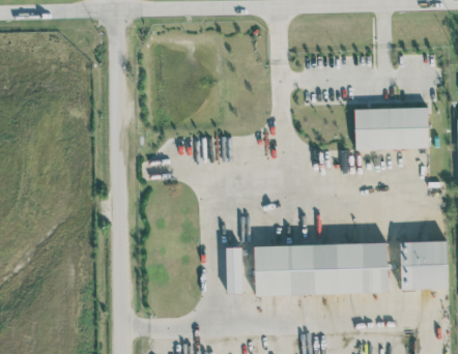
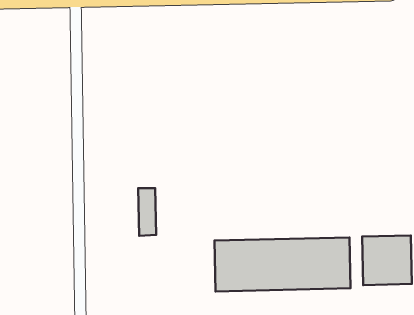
building: [354,108,429,150] -> none
building: [226,247,244,294] -> [138,188,156,236]

